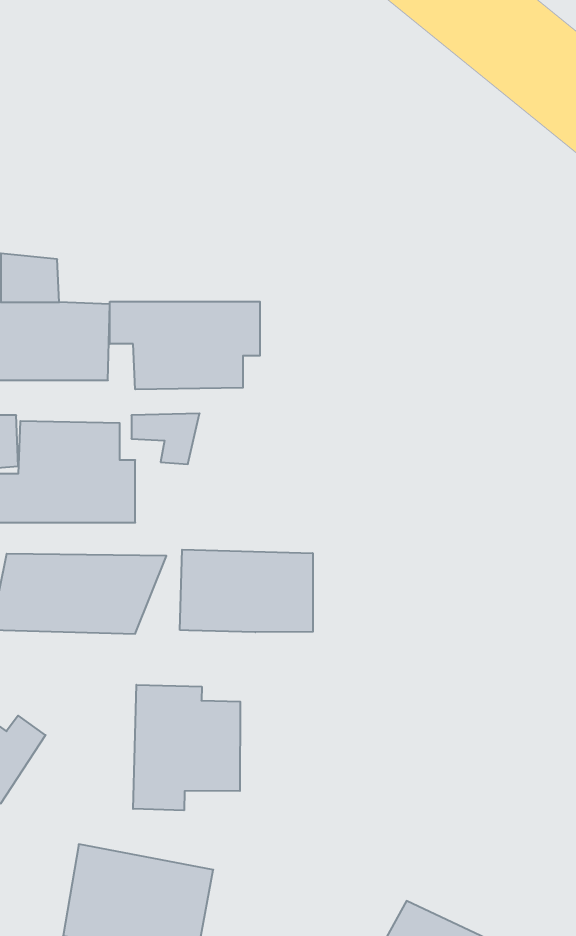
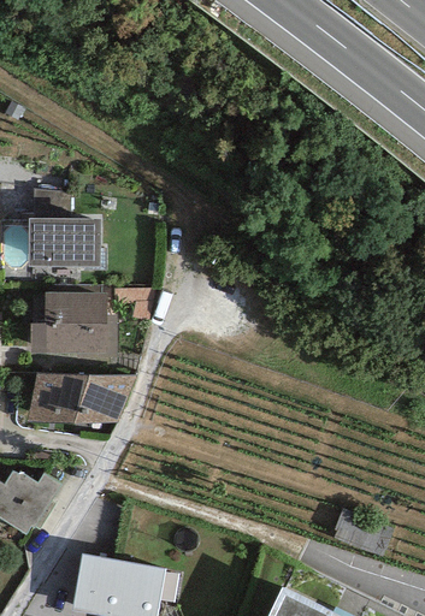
building: [110,302,260,389] -> none
building: [180,550,313,632] -> none
building: [133,685,240,810] -> none

